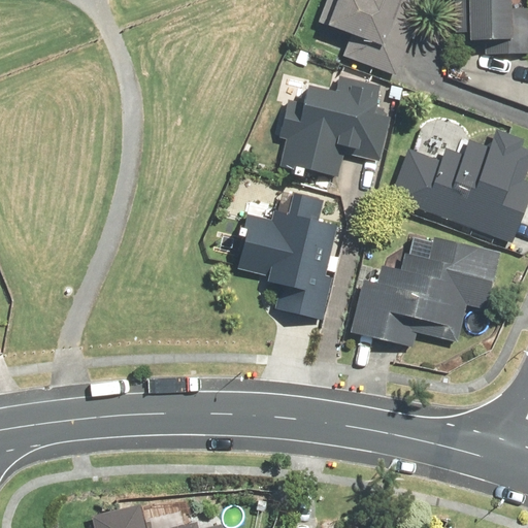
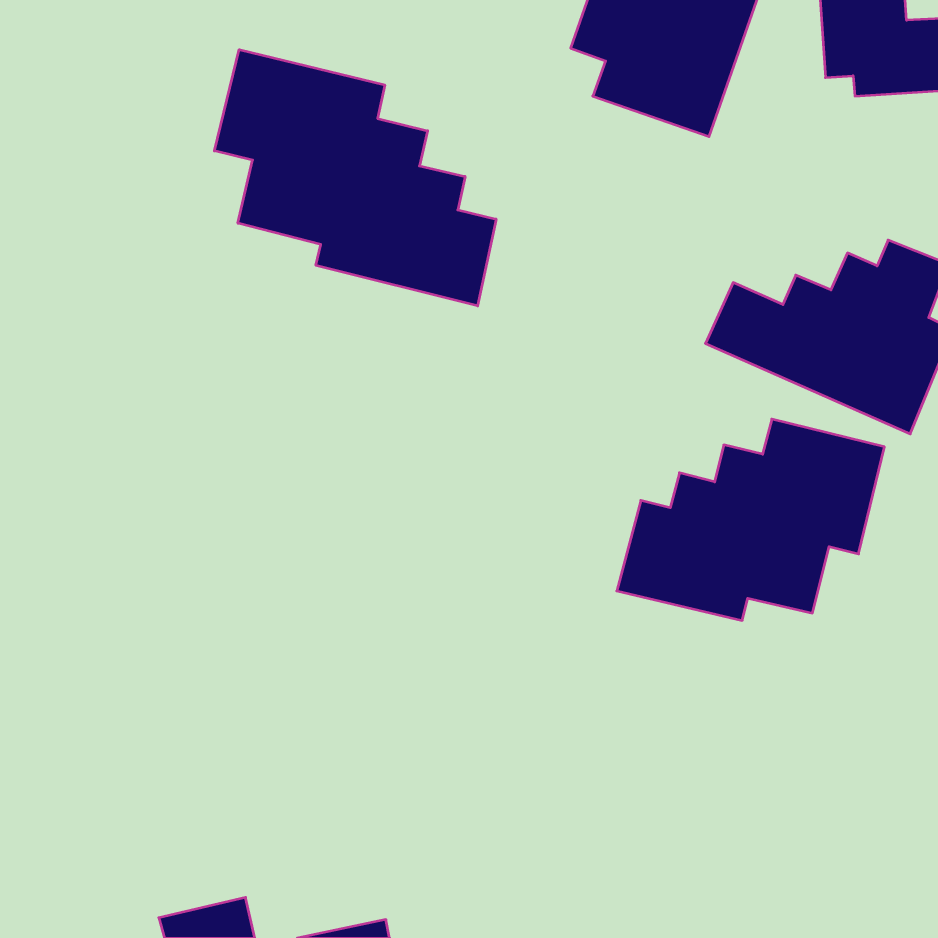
building: none -> [214,50,496,306]
building: [284,71,399,176] -> none
building: [235,189,334,317] -> none

